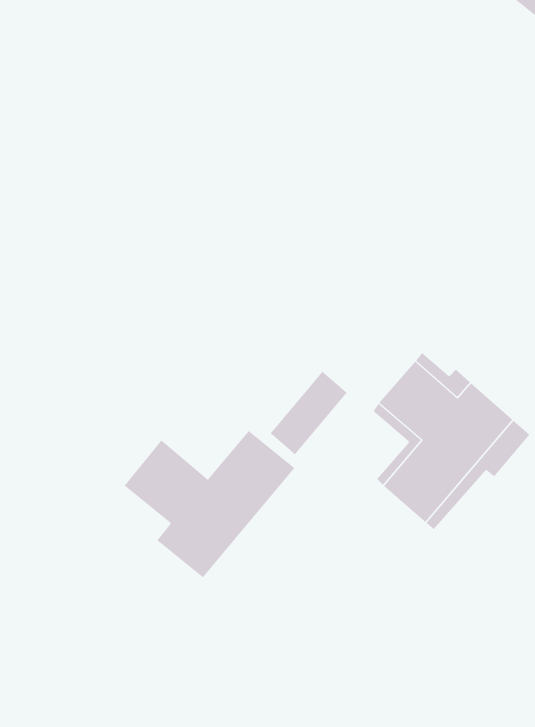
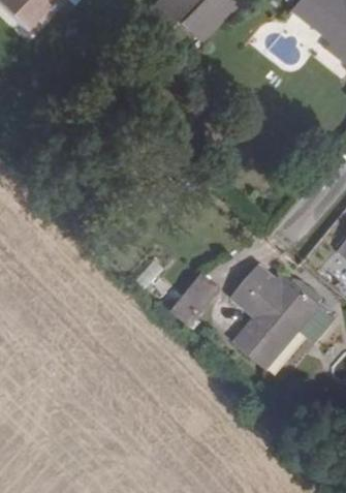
building: [124,430,295,578] -> none

